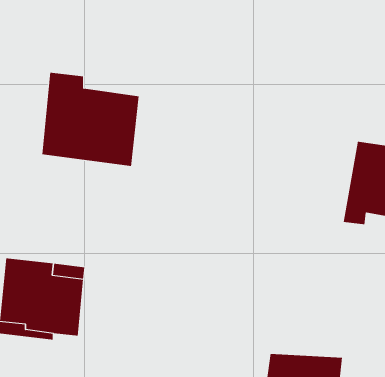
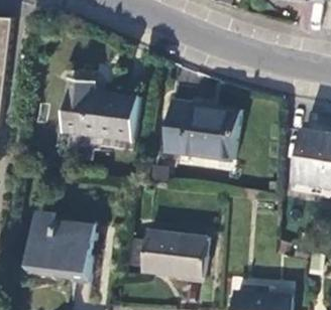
building: none -> [162,100,239,160]
building: none -> [142,230,207,277]

